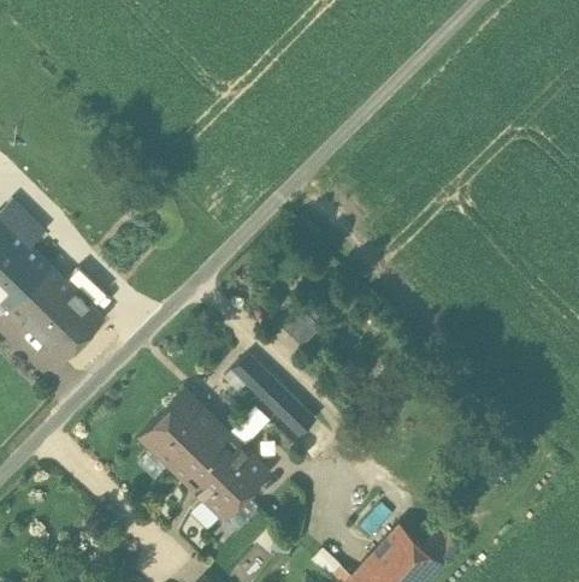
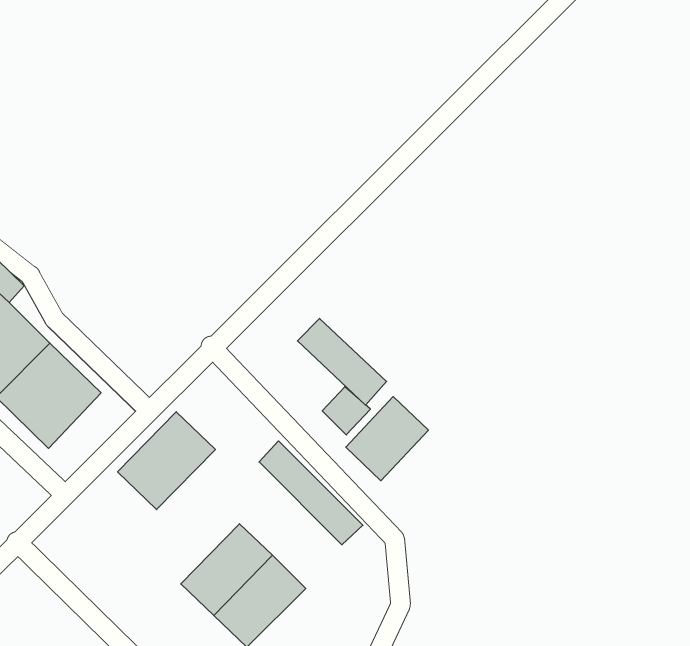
building: none -> [297,318,387,405]
building: none -> [346,397,428,481]
building: [138,393,217,471] -> [118,412,215,510]

